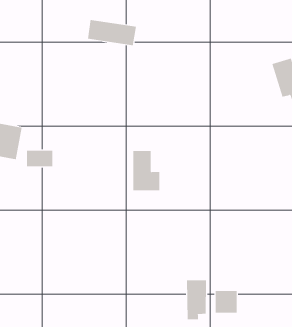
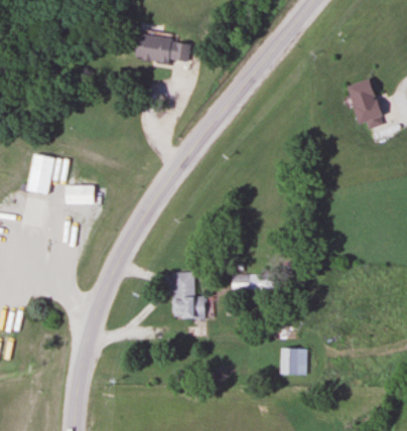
building: [132,151,160,191] -> [172,272,205,318]
building: none -> [232,274,261,289]
building: [187,280,206,320] -> none

